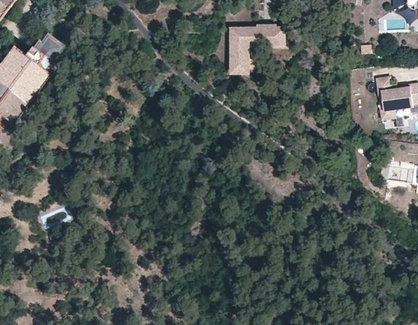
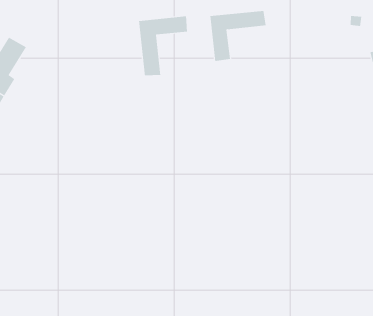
building: none -> [139,15,187,76]

